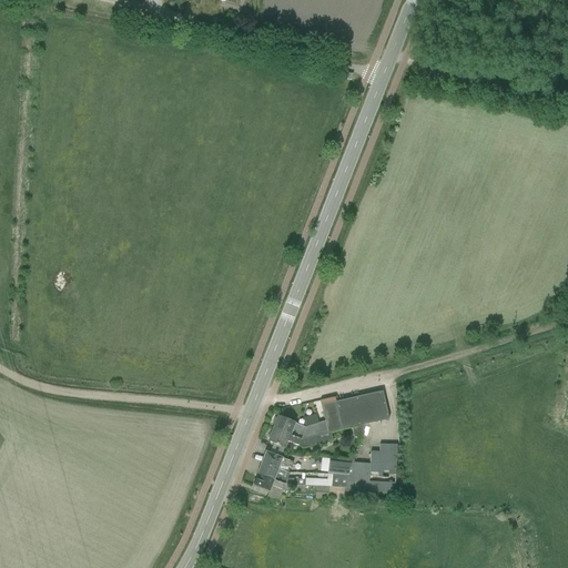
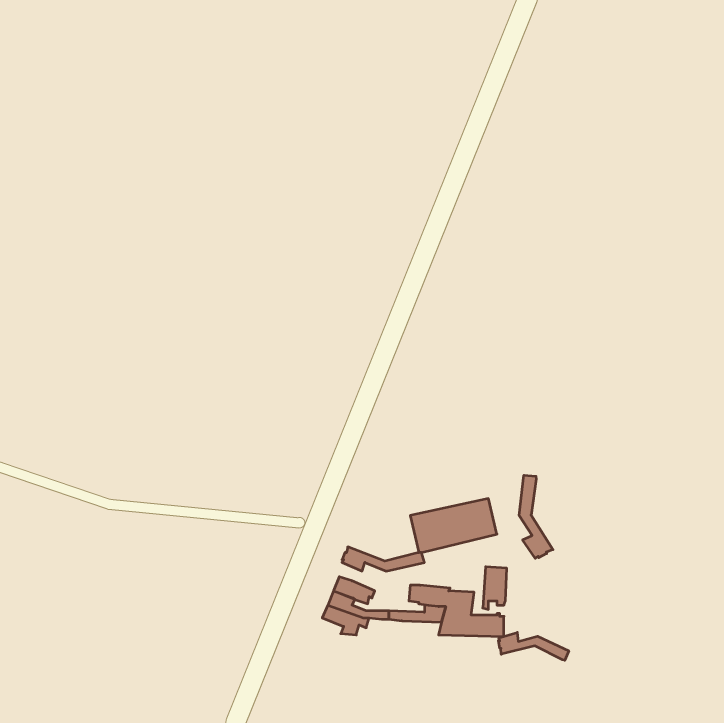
building: none -> [519,475,553,558]
building: [273,403,328,438] -> none
building: none -> [498,632,569,660]

